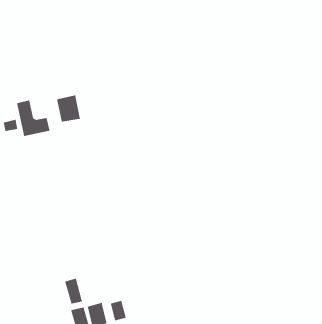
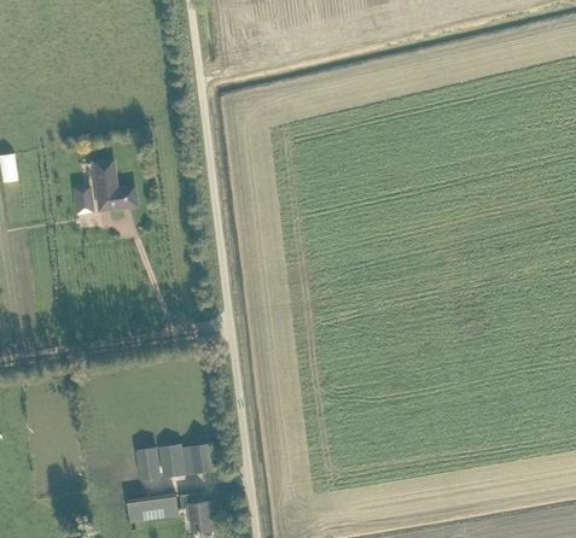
building: [56,94,81,123] -> none
building: [64,278,83,305] -> none

